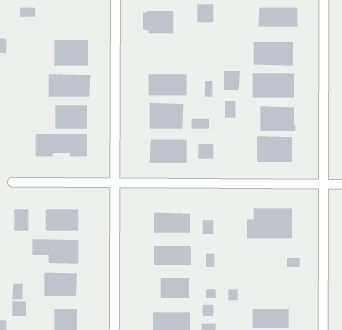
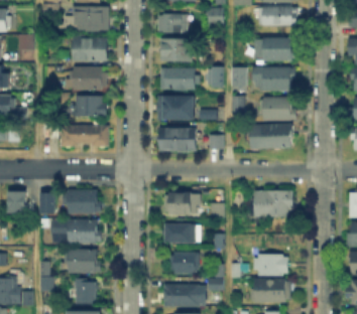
building: none -> [72,6,109,29]
building: none -> [157,35,190,59]
building: none -> [258,253,285,274]

